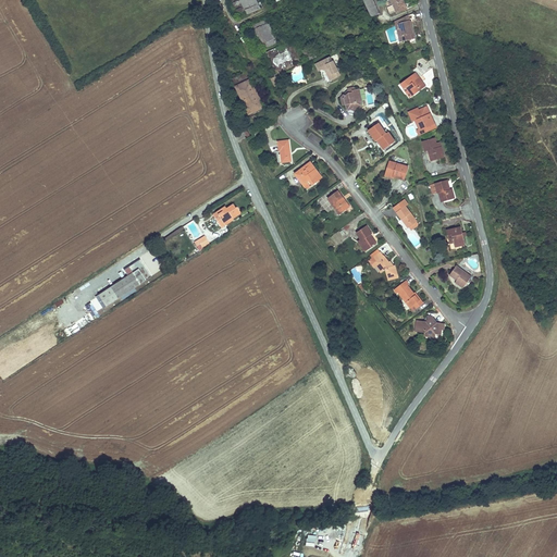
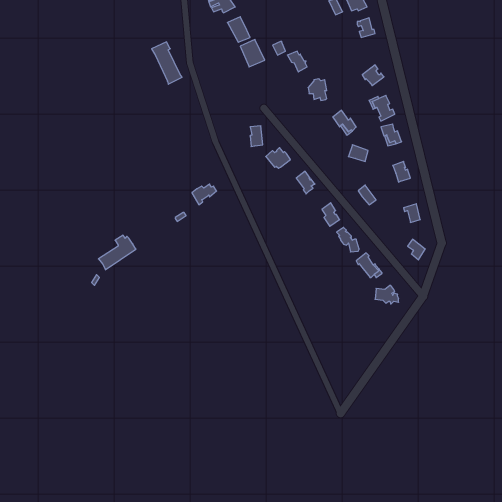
building: [231,70,264,116] -> [152,42,182,84]

